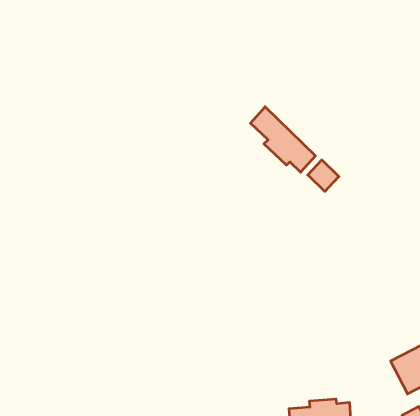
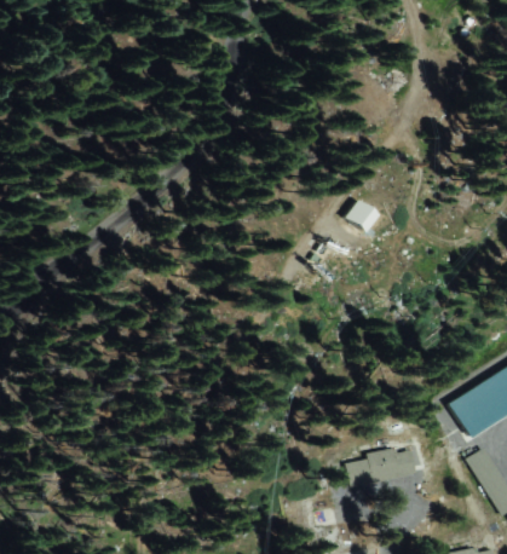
building: [250,107,315,172] -> none

